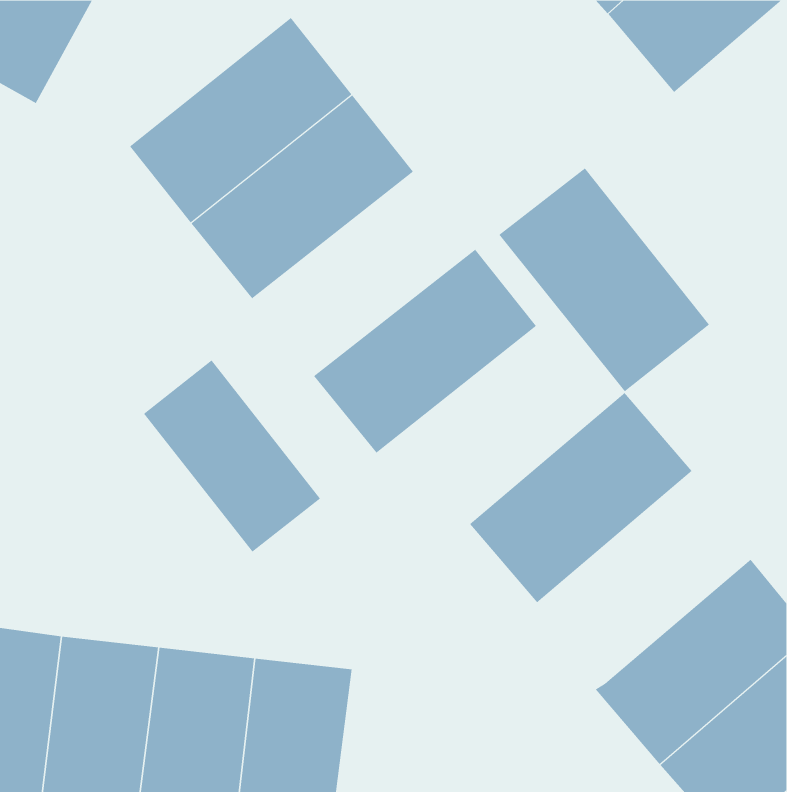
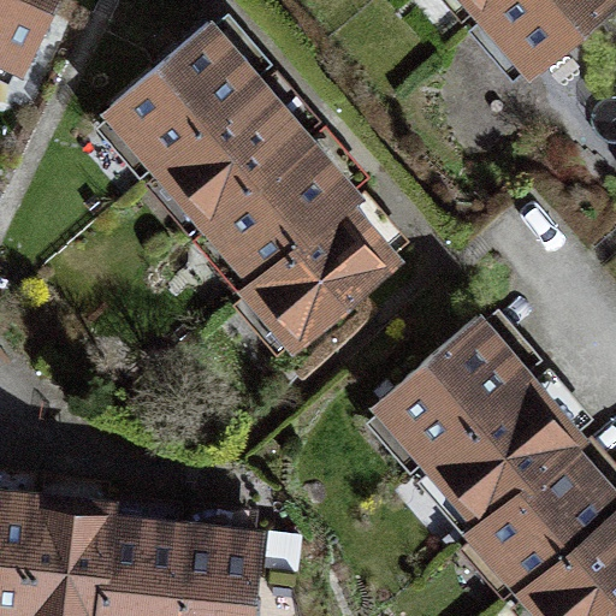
building: [498,167,710,392] -> none
building: none -> [192,141,363,297]
building: [143,360,321,553] -> none
building: none -> [410,369,581,532]

